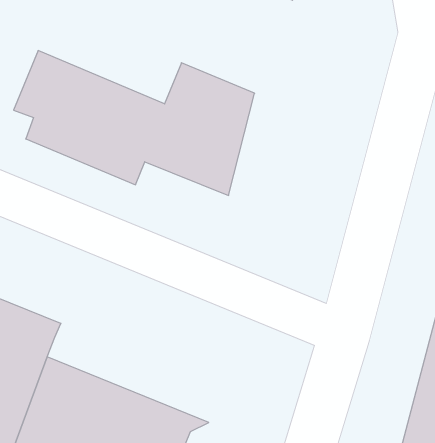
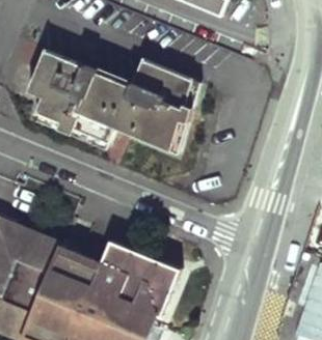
building: none -> [50,238,179,306]

